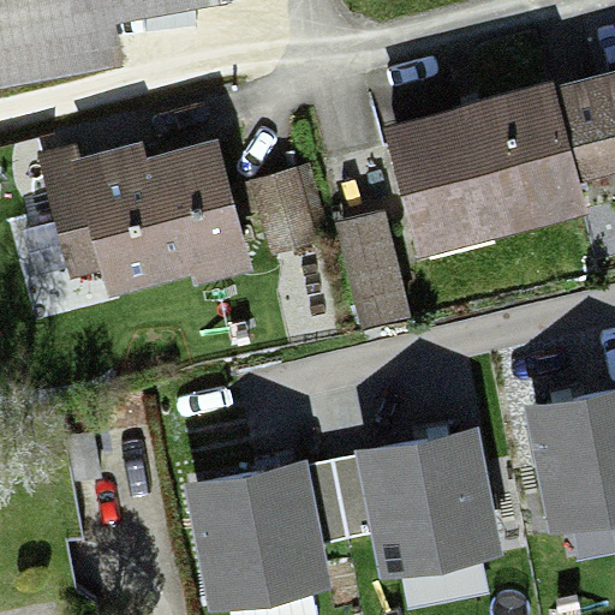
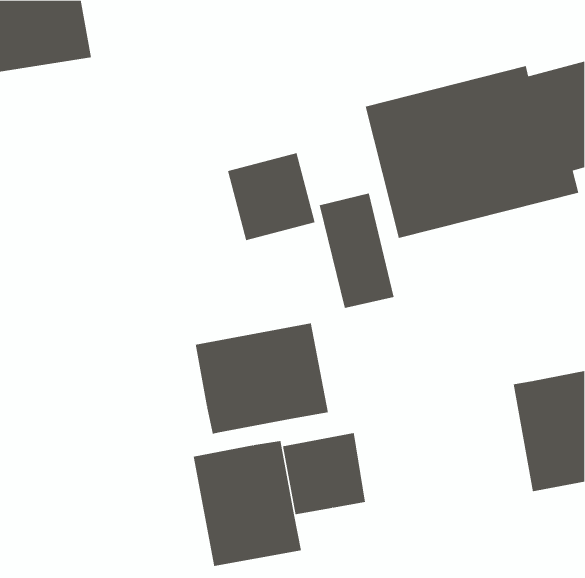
building: [36,135,251,297] -> none
building: none -> [195,323,328,434]
building: [369,436,490,568] -> none

